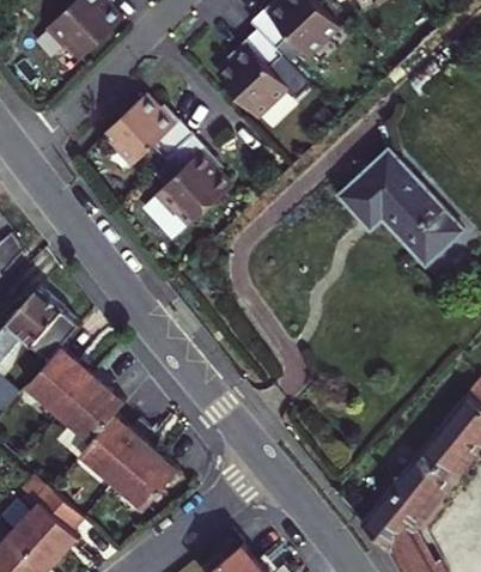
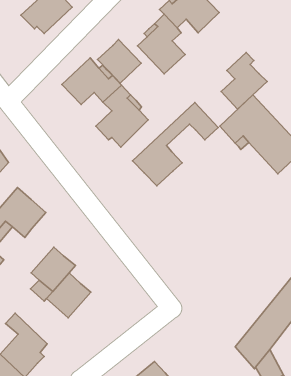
building: none -> [98,40,141,83]
building: none -> [221,52,267,109]
building: none -> [133,102,218,186]
building: [26,348,92,414] -> none
building: [114,443,179,509] -> none

